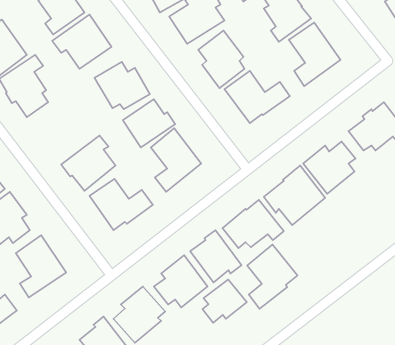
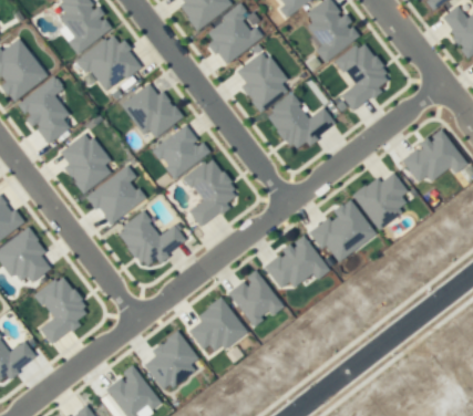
building: none -> [60,132,112,194]
building: [247,245,297,309] -> none
building: [202,280,247,323] -> none

